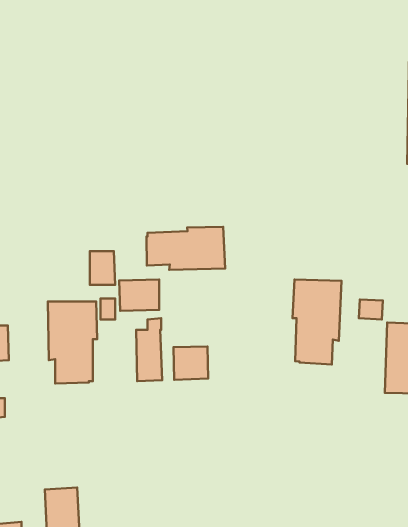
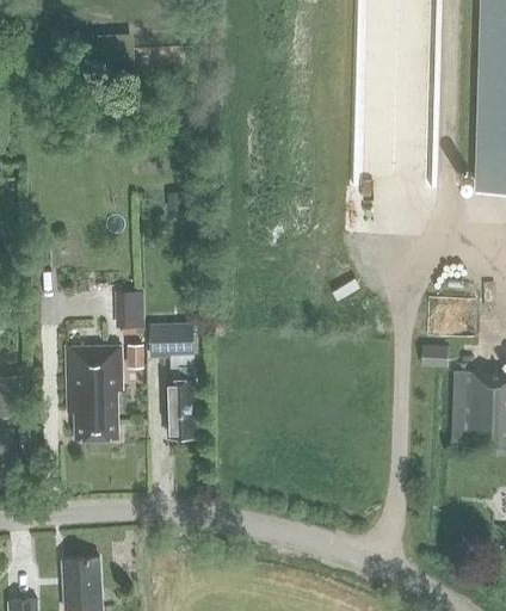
building: [147,227,225,270] -> none
building: [292,280,341,364] -> none
building: [174,347,208,380] -> none

